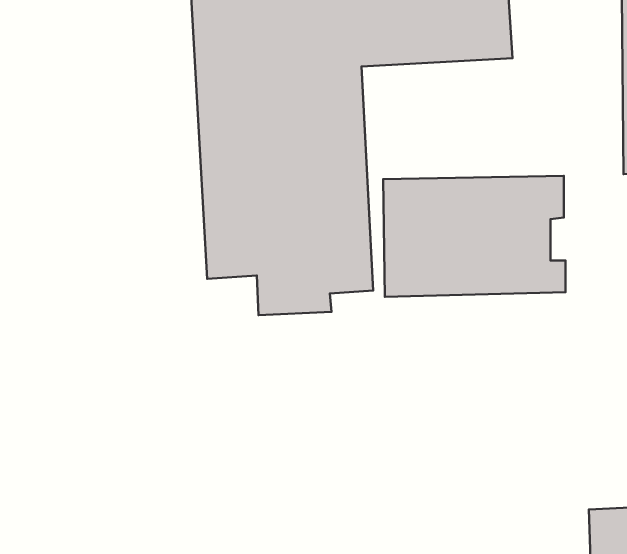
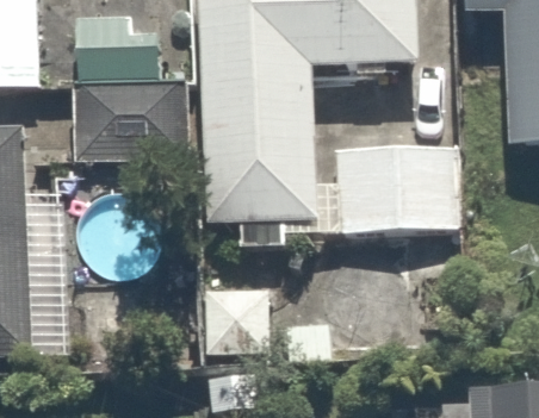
building: none -> [70,35,185,154]

